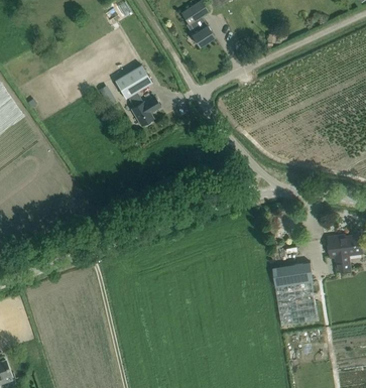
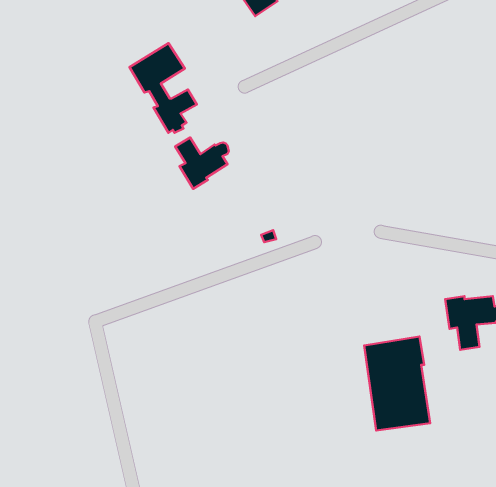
building: none -> [175,138,229,189]

